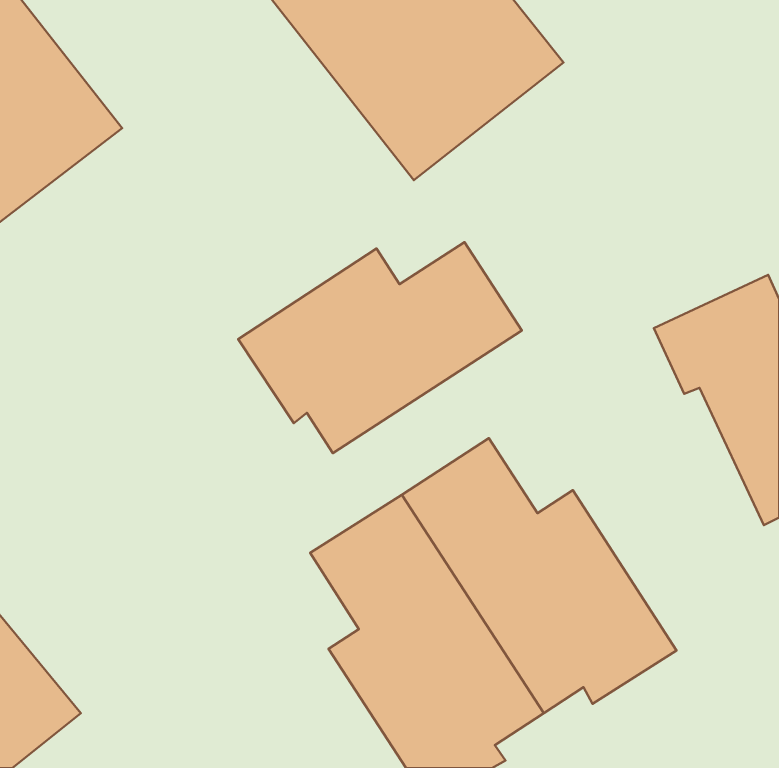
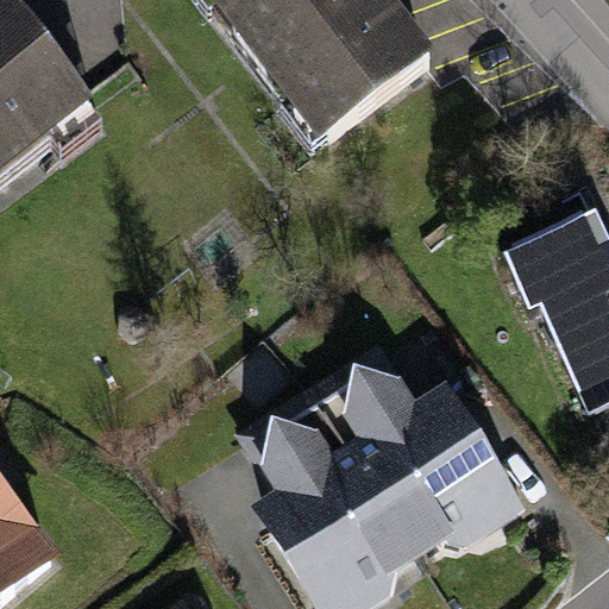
building: [238,242,522,453] -> none

